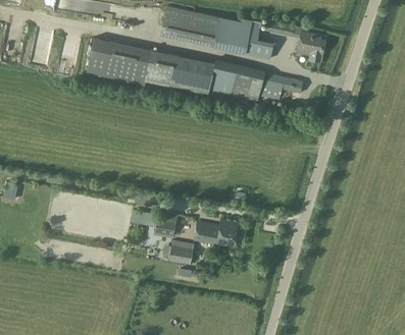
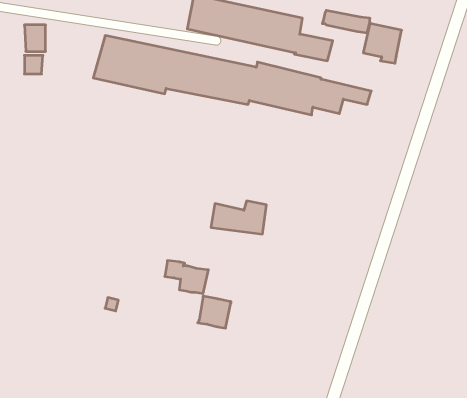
building: [194,220,237,245] -> [211,201,266,234]

